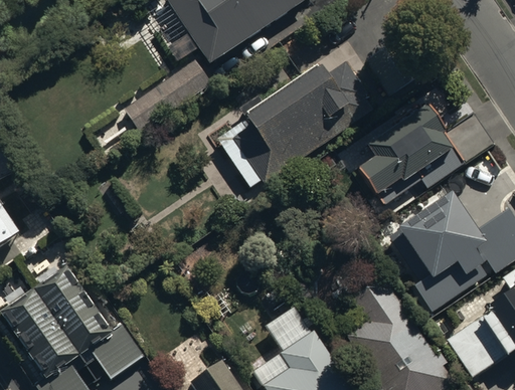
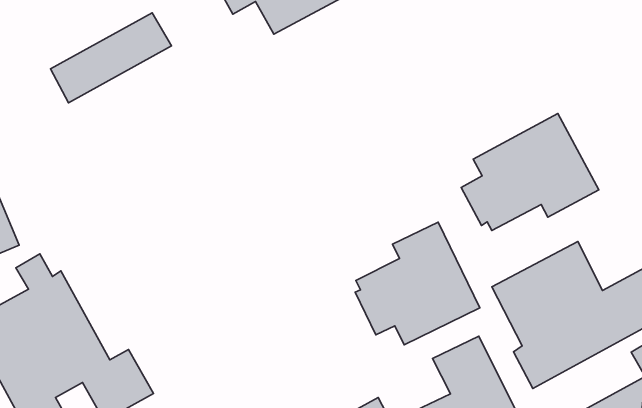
building: [122,58,211,132] -> [50,13,172,103]
building: [215,64,374,186] -> none
building: none -> [355,222,480,345]

